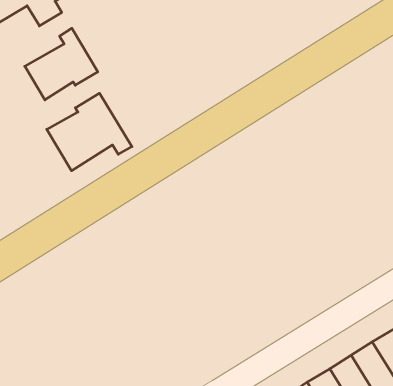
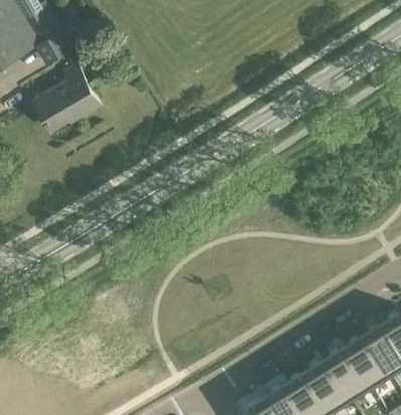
building: [47,93,132,171] -> none

